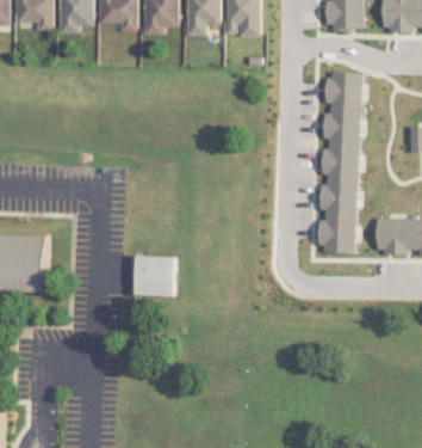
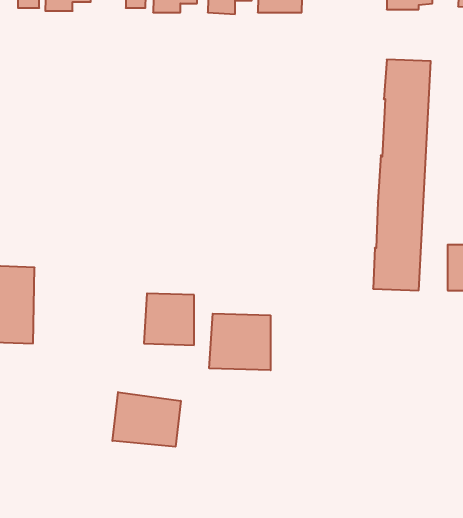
building: none -> [209,314,271,370]
building: none -> [112,392,181,447]

